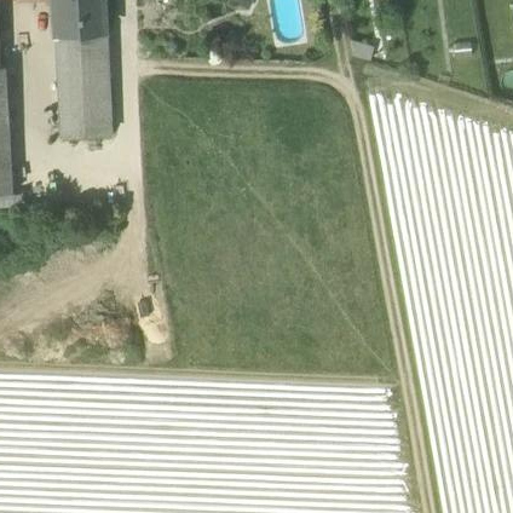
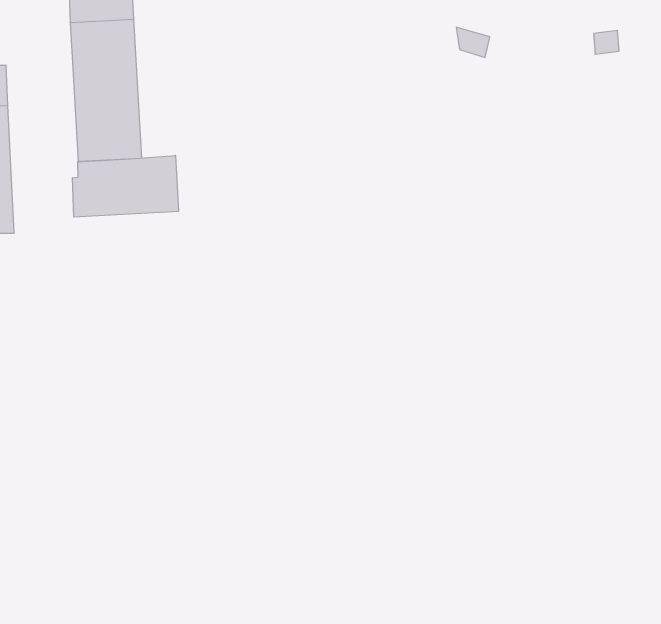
building: none -> [72,155,179,217]

